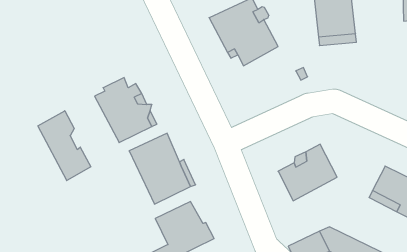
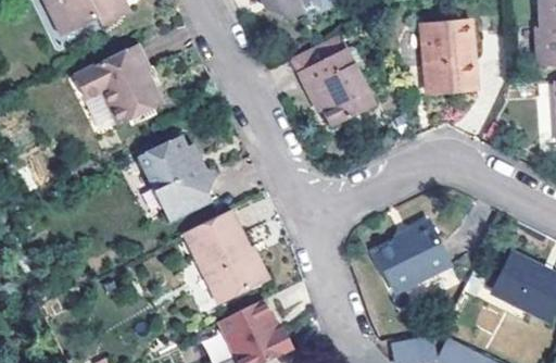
building: none -> [71,46,162,125]
building: [38,111,91,181] -> none

